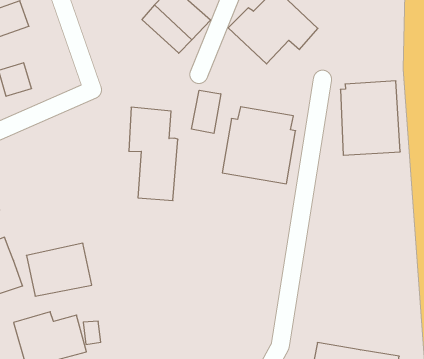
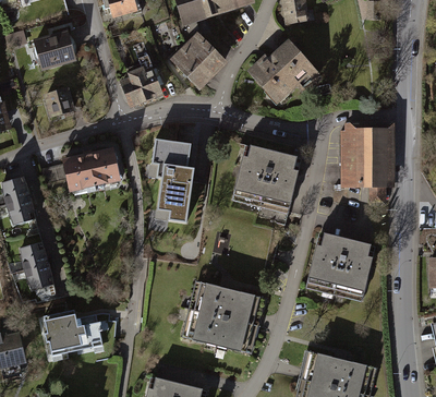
building: none -> [120,65,165,107]
building: [192,90,221,133] -> none
building: none -> [305,233,372,300]
building: [26,243,92,296] -> [60,152,116,195]
building: none -> [181,279,268,354]

